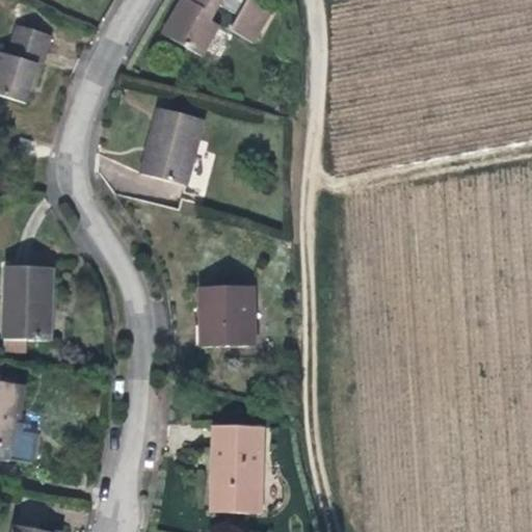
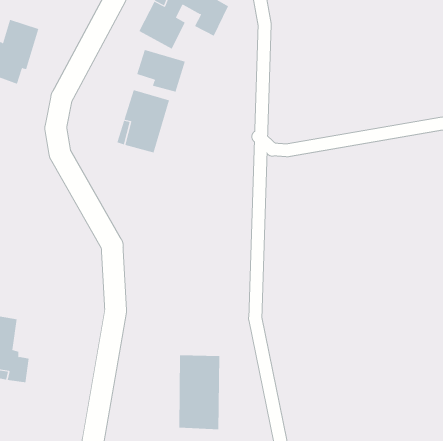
building: none -> [137,49,185,93]
building: [4,261,51,335] -> none
building: [196,286,250,346] -> none

